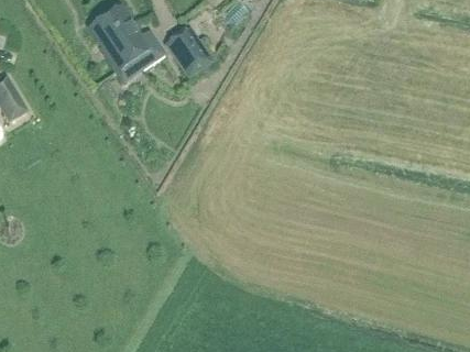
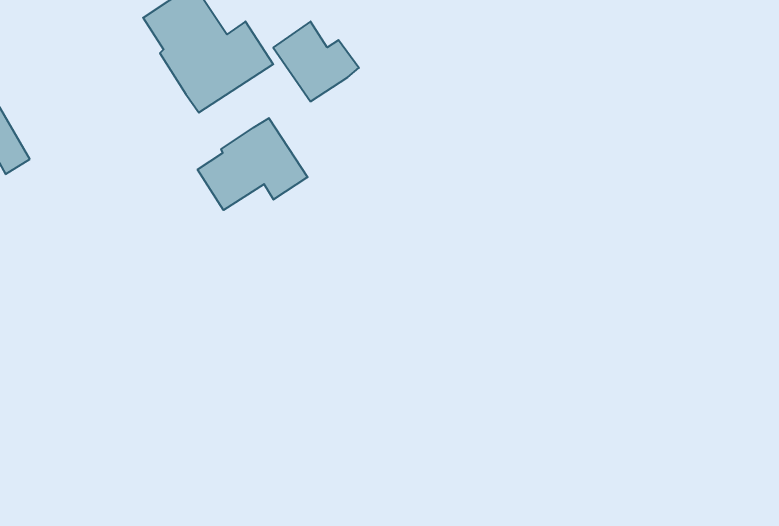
building: none -> [198,118,308,210]

